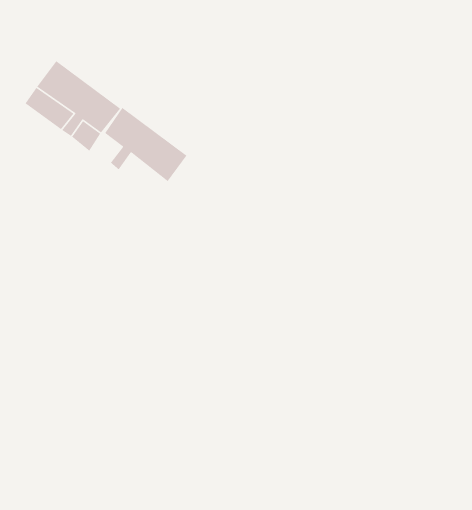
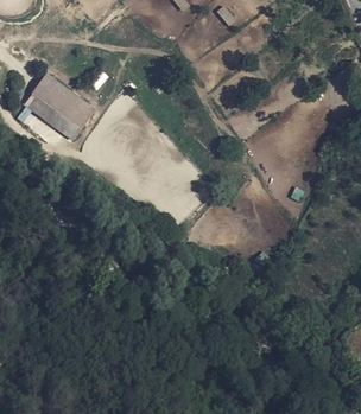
building: [104,107,188,182] -> none

